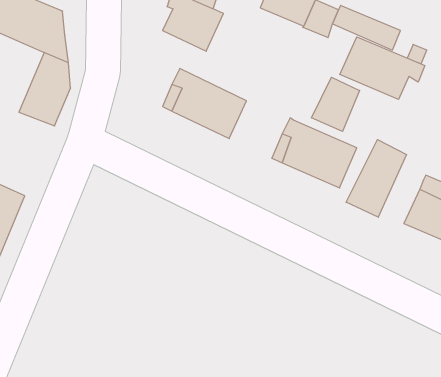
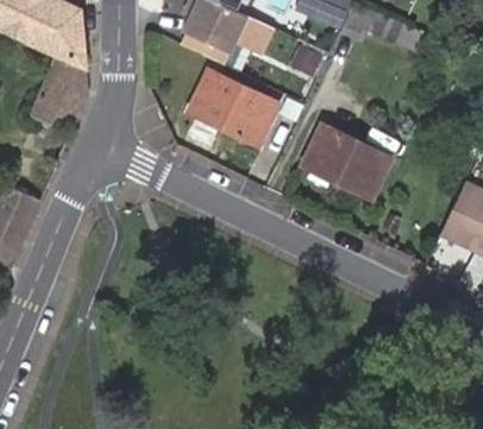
building: [340,37,425,99] -> none
building: [312,77,360,131] -> none
building: [346,140,407,217] -> none

